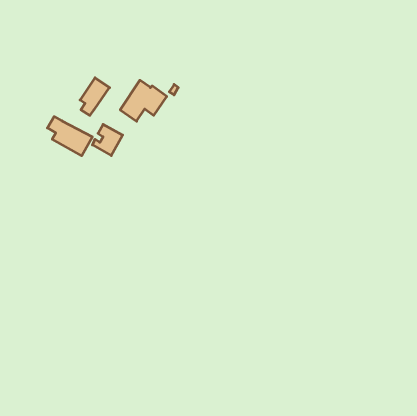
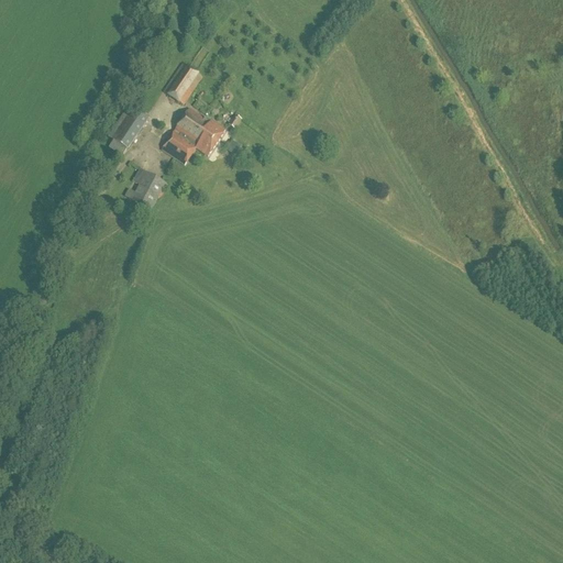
building: none -> [163,62,201,103]
building: [47,117,92,156] -> none

